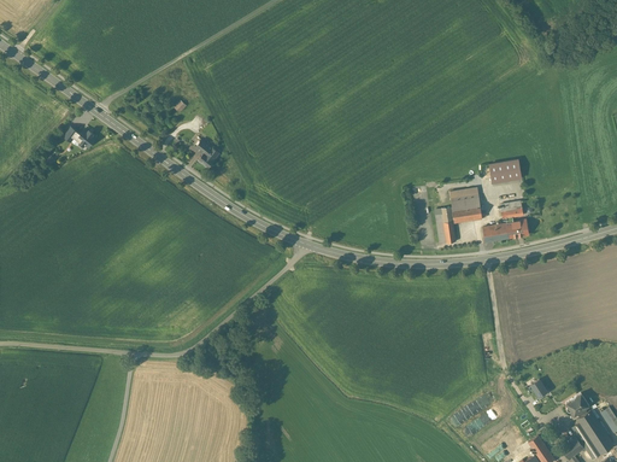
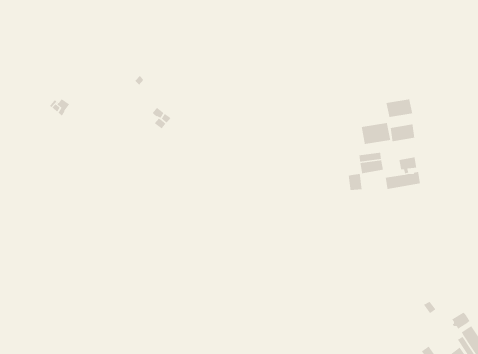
building: none -> [386,98,413,118]
building: none -> [361,122,391,145]

